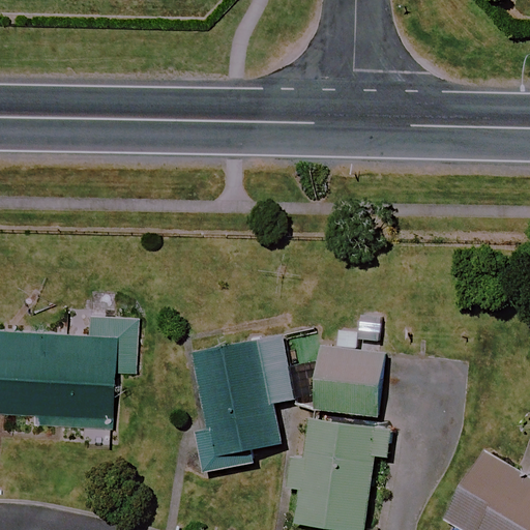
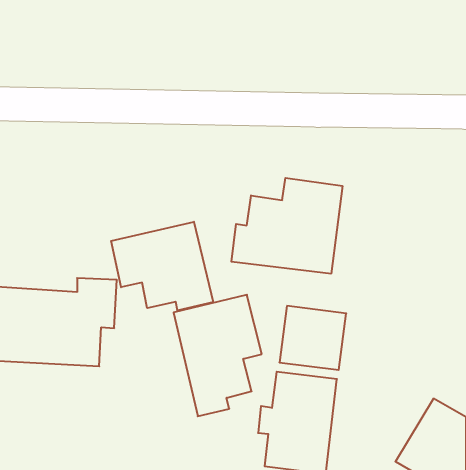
building: none -> [231,178,342,274]
building: none -> [111,222,213,310]

